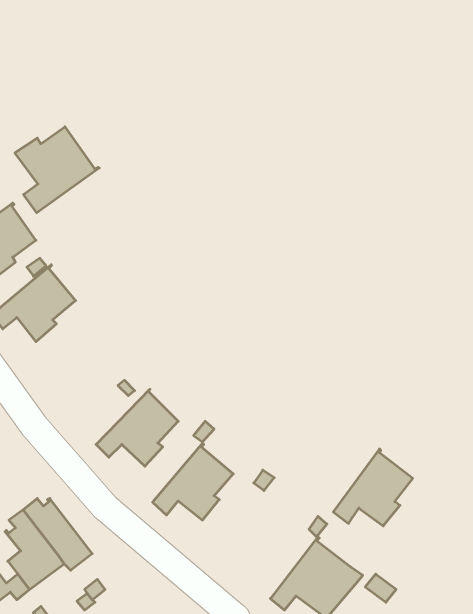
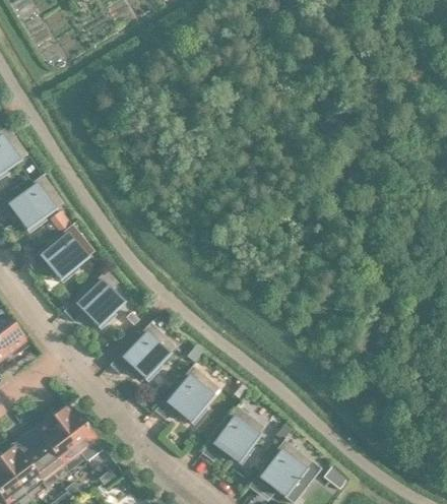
building: [15,127,99,213] -> none
building: none -> [64,268,125,329]
building: [333,449,413,526] -> [202,403,265,464]

